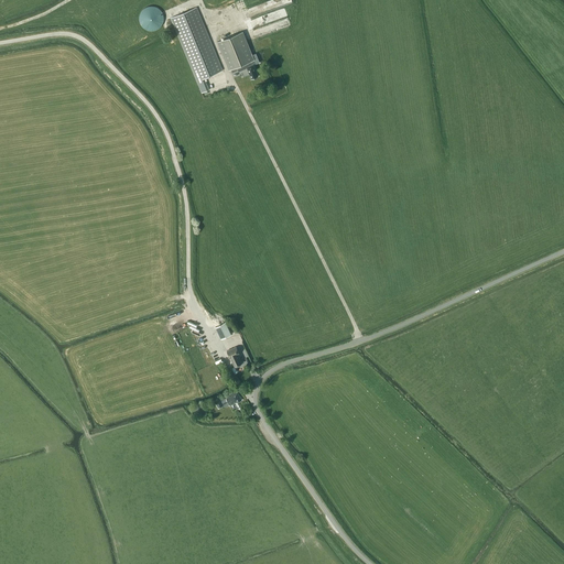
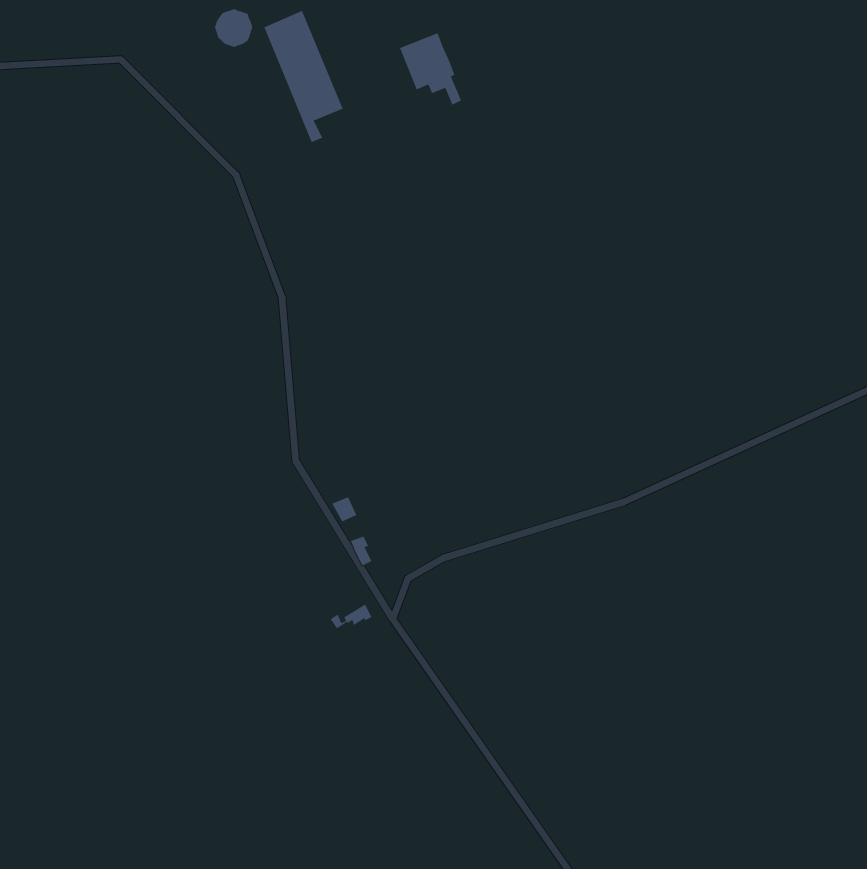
building: [218,32,259,79] -> [399,32,462,106]

